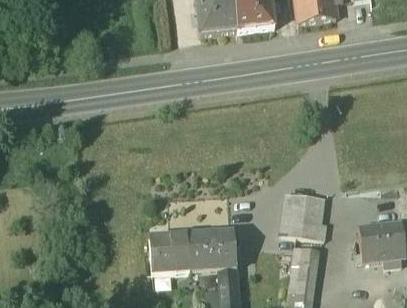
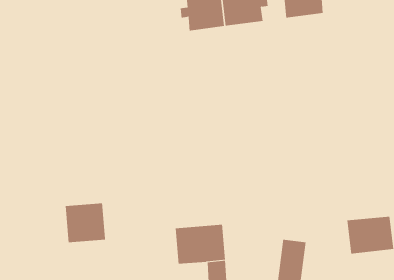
building: [279,189,326,236] -> none
building: [148,232,189,272] -> [65,203,106,243]

